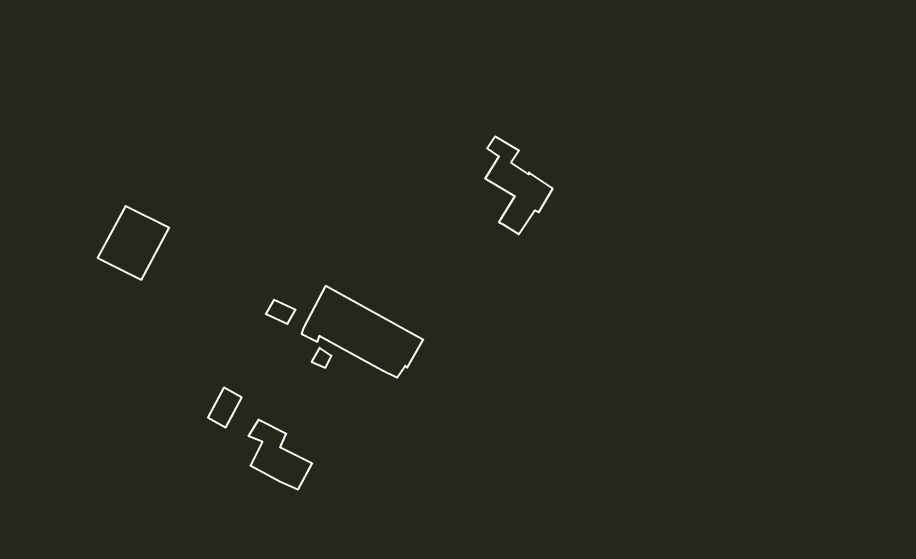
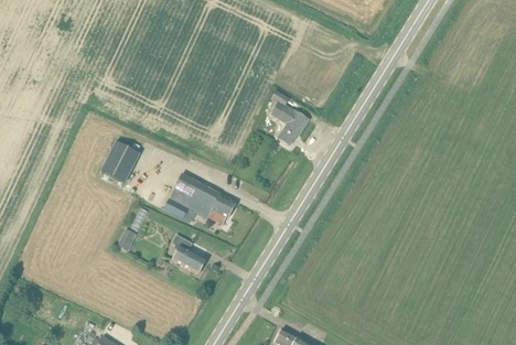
building: [98,206,169,280] -> [100,140,140,181]
building: [248,420,312,489] -> [171,234,206,272]

